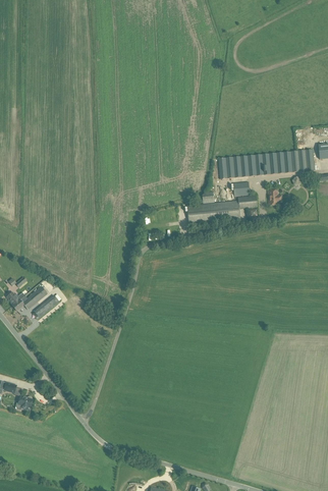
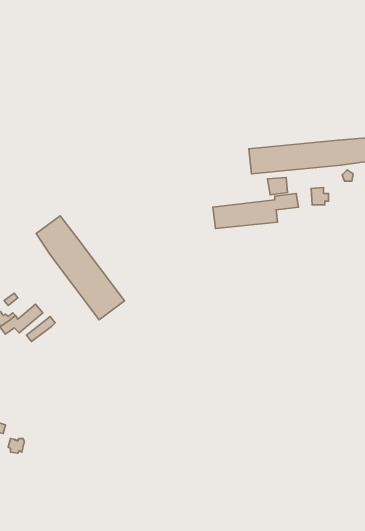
building: none -> [36,216,124,320]

